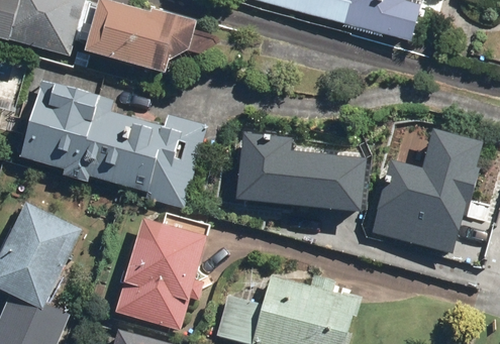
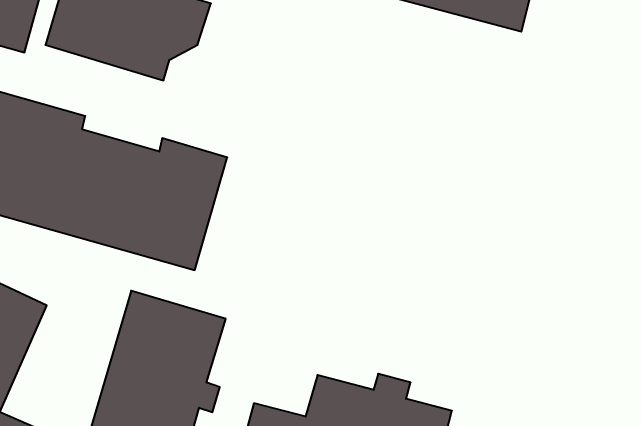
building: [370,131,482,252] -> none
building: [235,132,368,213] -> none

